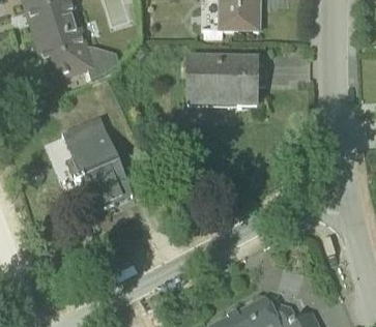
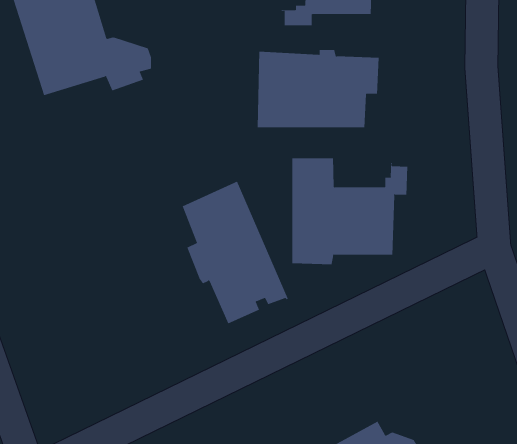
building: [62,117,132,210] -> [182,181,288,324]
building: none -> [292,157,408,265]

